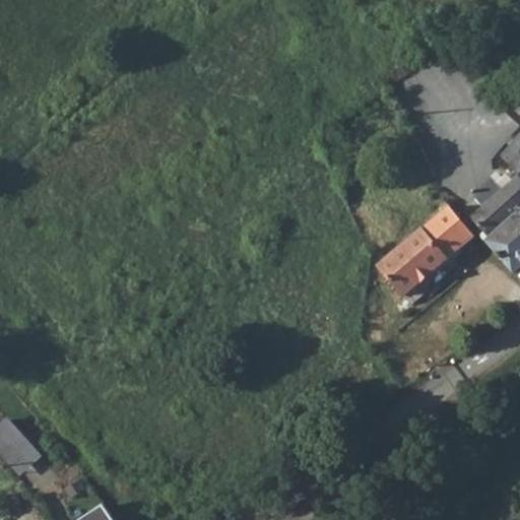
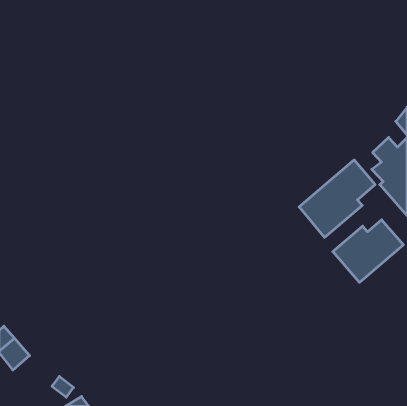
building: none -> [333,220,403,282]

